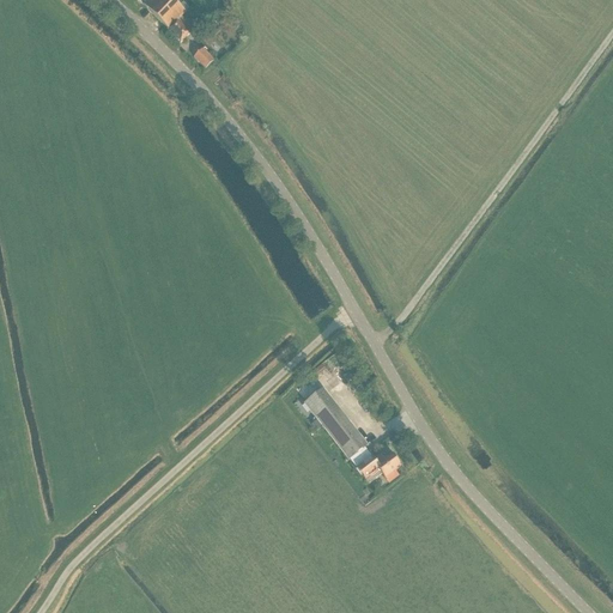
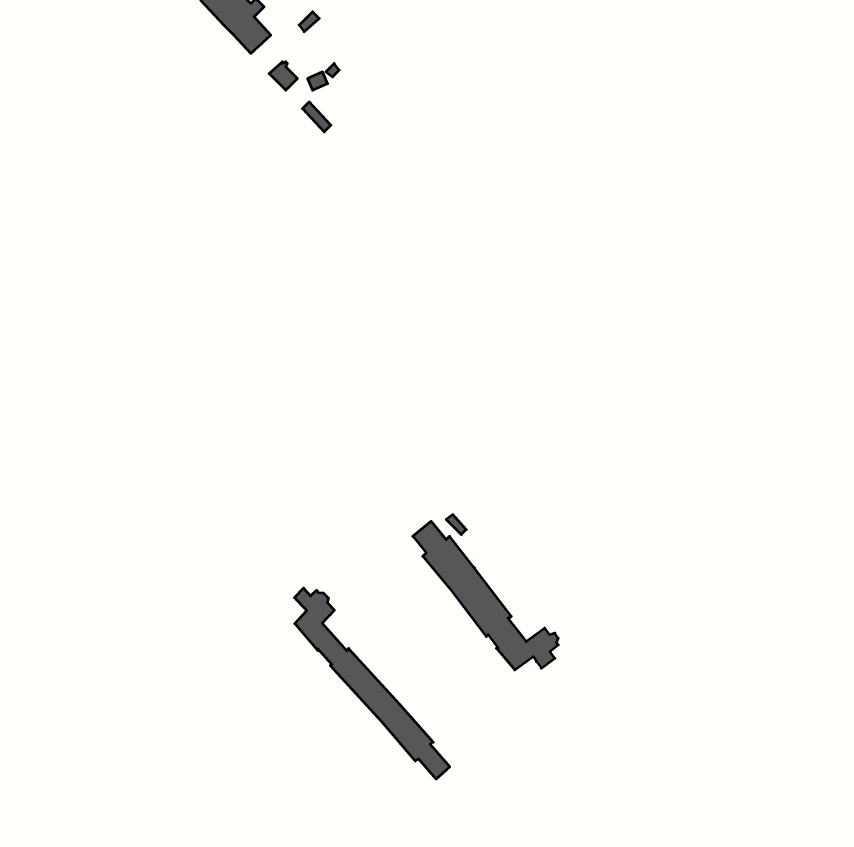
building: none -> [294,588,450,779]

